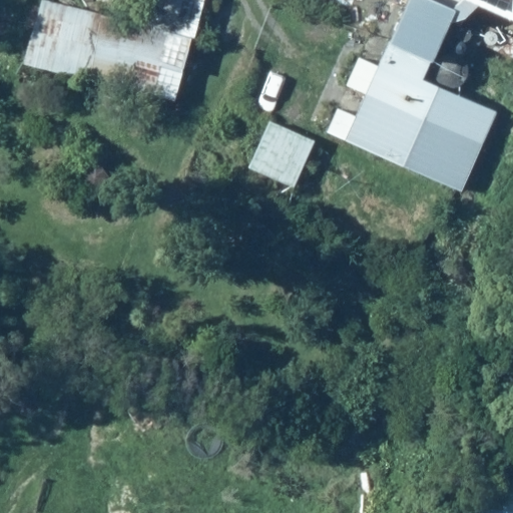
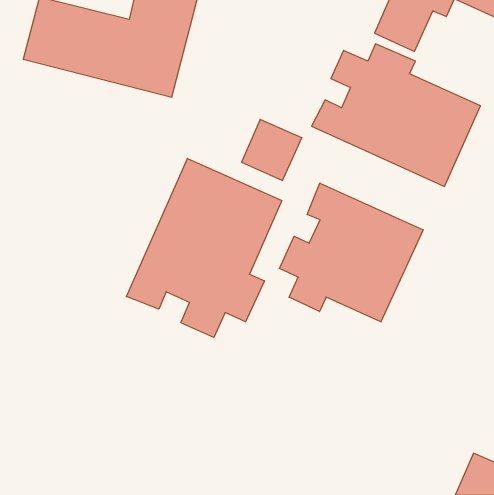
building: none -> [126,158,282,337]
building: none -> [280,183,423,322]

